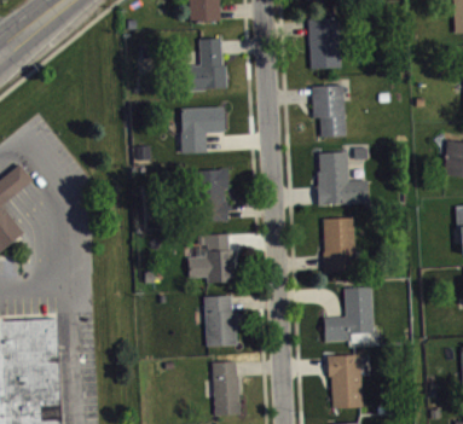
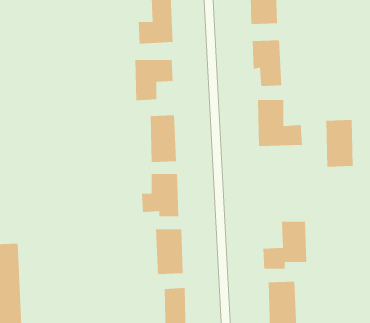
building: [324,219,355,272] -> [325,119,354,167]

